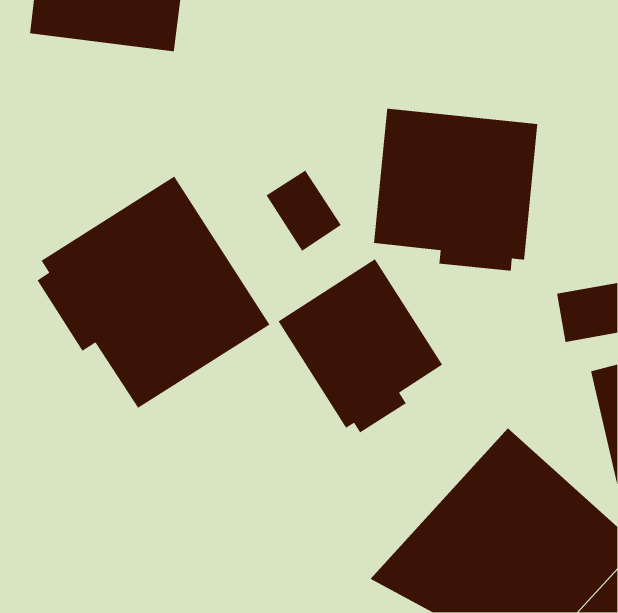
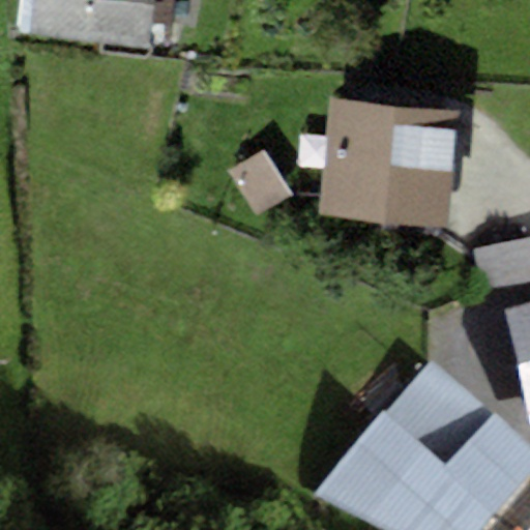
building: [36,176,270,409] -> none
building: [277,258,443,433] -> none

